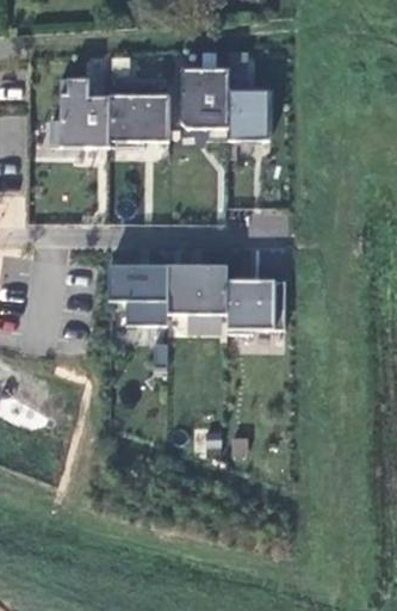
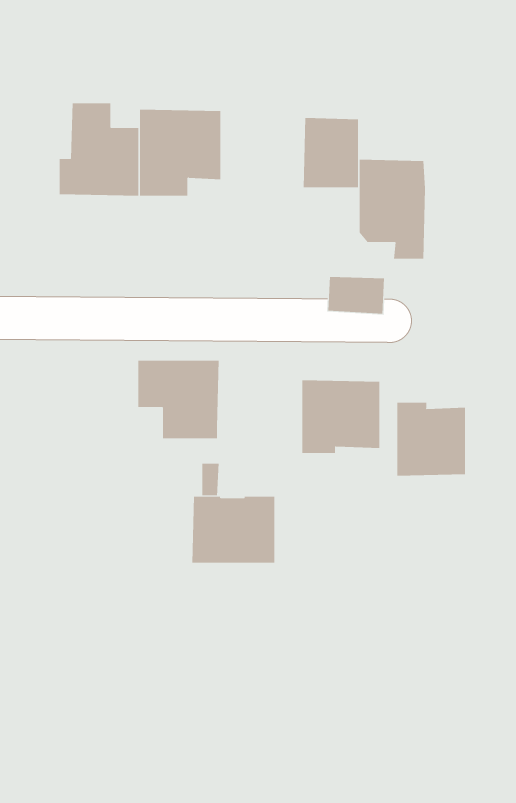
building: [181,67,230,140] -> [359,159,426,259]
building: [167,265,228,314] -> [191,496,275,563]
building: none -> [397,402,466,476]

